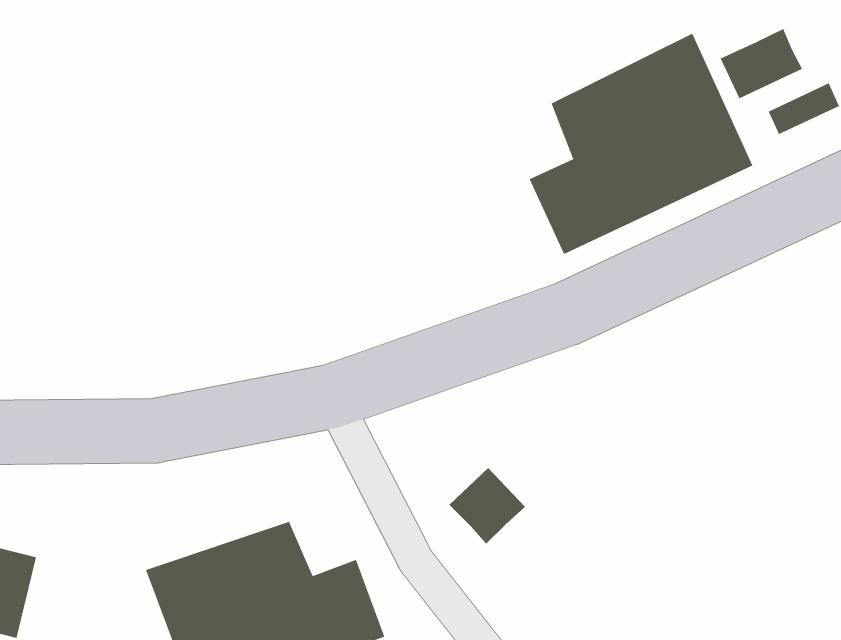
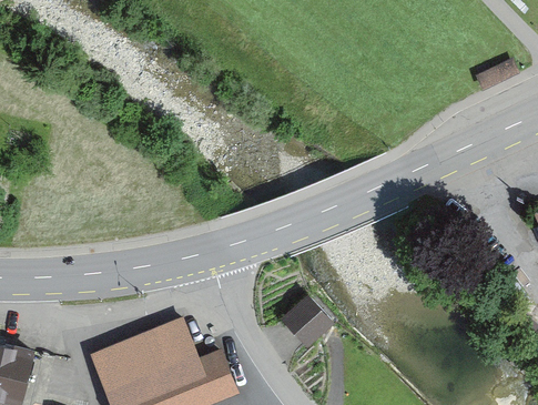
building: [720,28,803,99] -> none
building: [529,33,753,255] -> none

